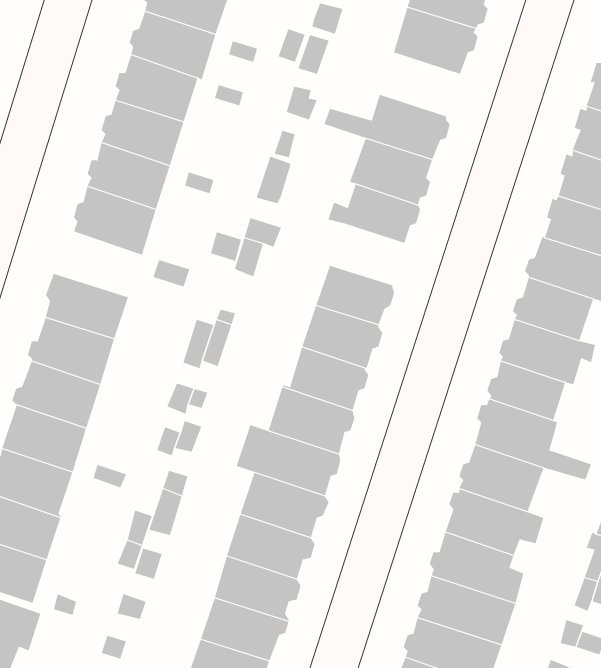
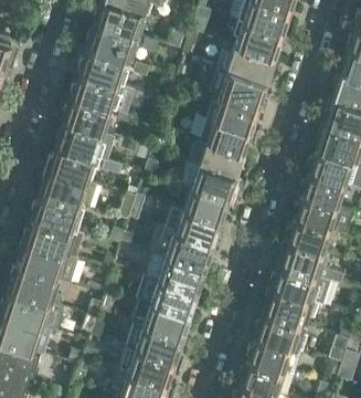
building: none -> [217,46,272,82]
building: none -> [190,139,243,176]
building: none -> [45,146,95,182]

